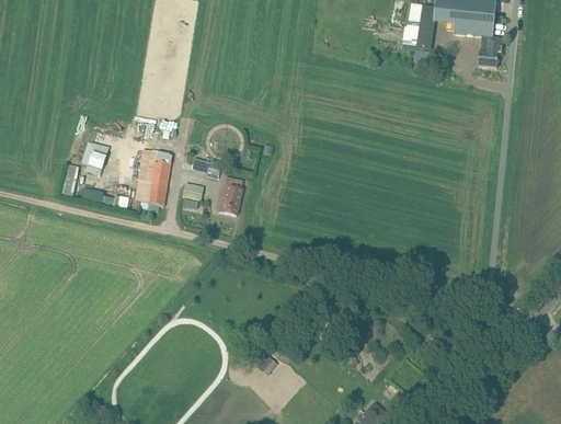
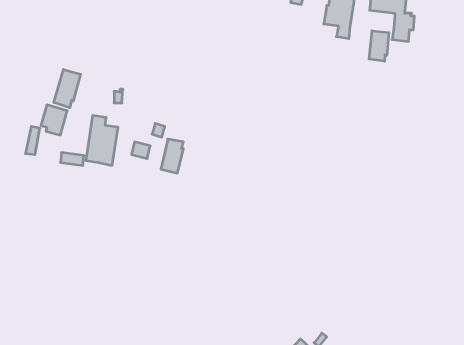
building: none -> [369,31,389,61]
building: none -> [54,69,81,108]

